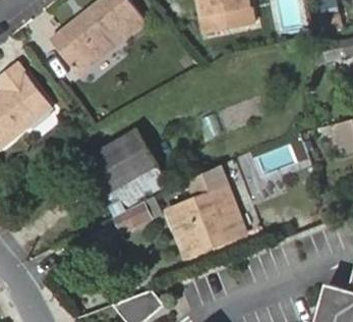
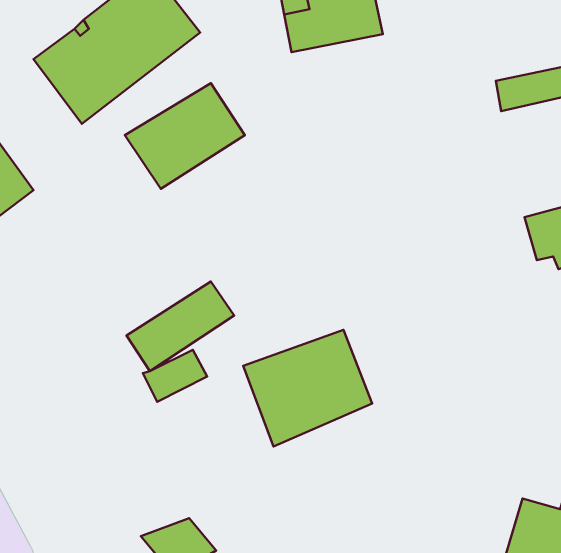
building: [85,133,154,194] -> [125,83,245,189]
building: [184,169,229,204] -> none

